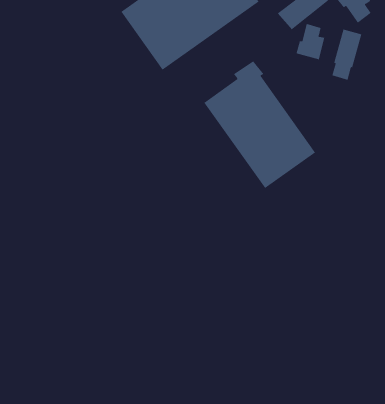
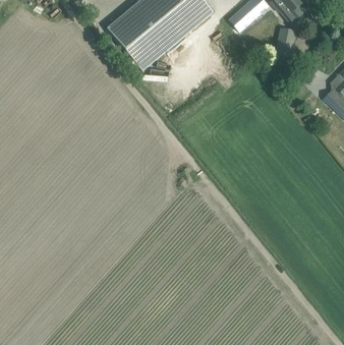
building: [296,23,325,60] -> none
building: [203,60,316,189] -> none

